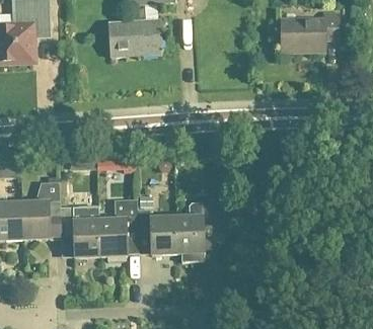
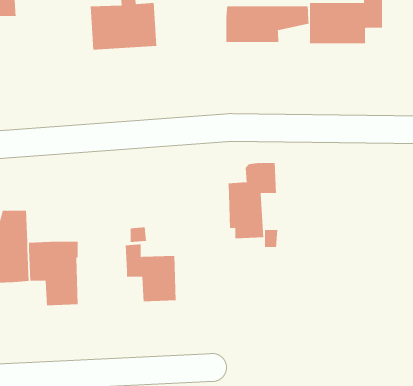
building: none -> [226,5,309,43]
building: [98,198,137,259] -> none
building: [175,200,214,260] -> [228,163,277,239]

